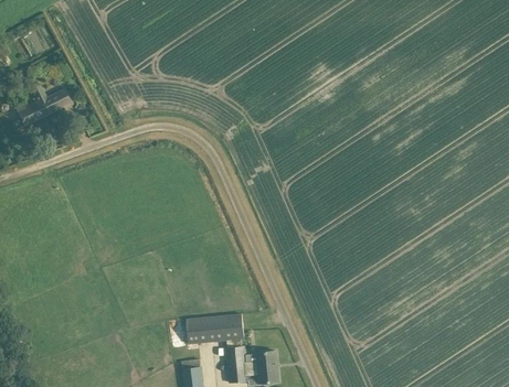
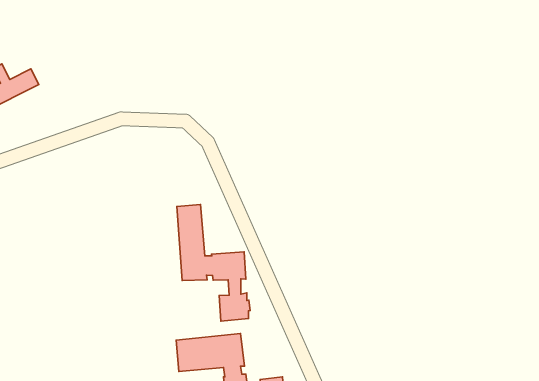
building: none -> [177,205,250,321]

